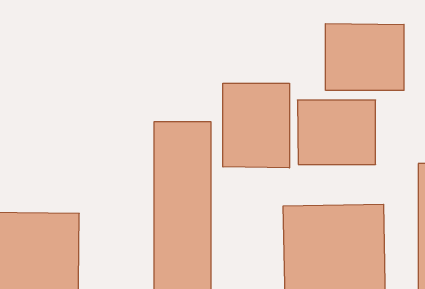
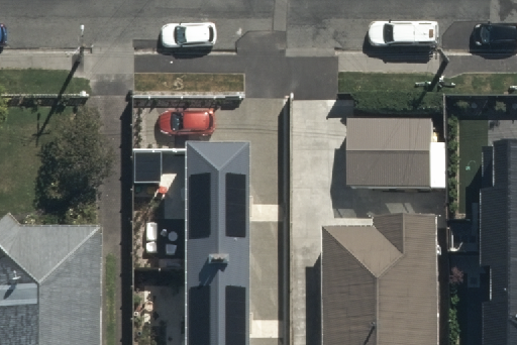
building: [326,24,404,90] -> none
building: [223,83,289,168] -> none

